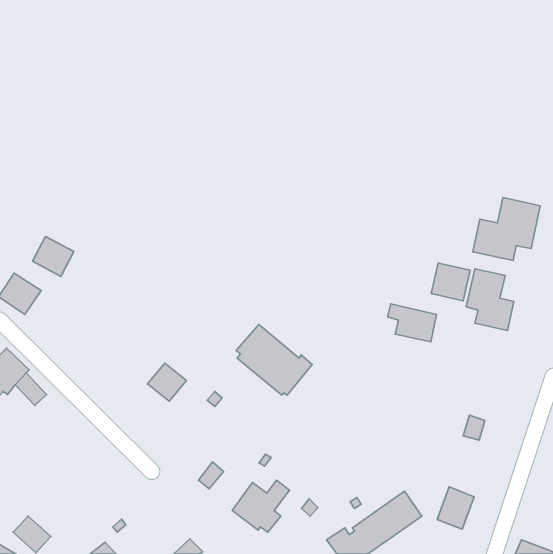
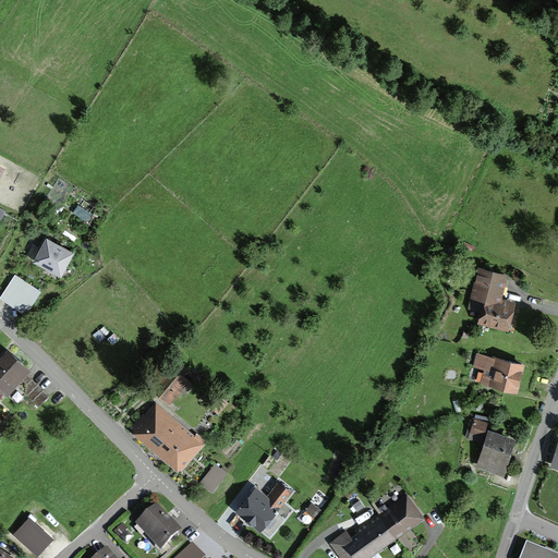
building: [473,197,540,260] -> none
building: [431,263,470,301] -> none
building: [388,304,436,342] -> [472,353,521,391]
building: [236,325,312,395] -> [131,401,207,472]
building: [437,487,474,529] -> [476,432,513,474]
building: none -> [133,501,181,548]

